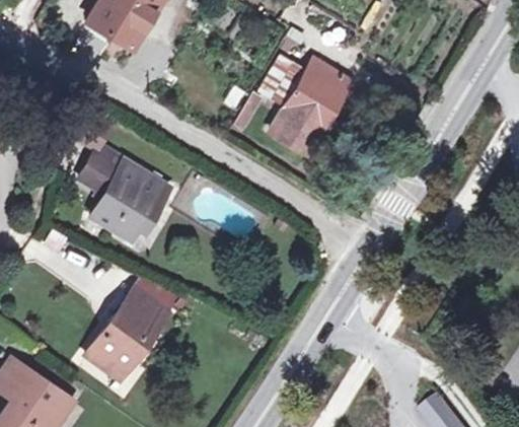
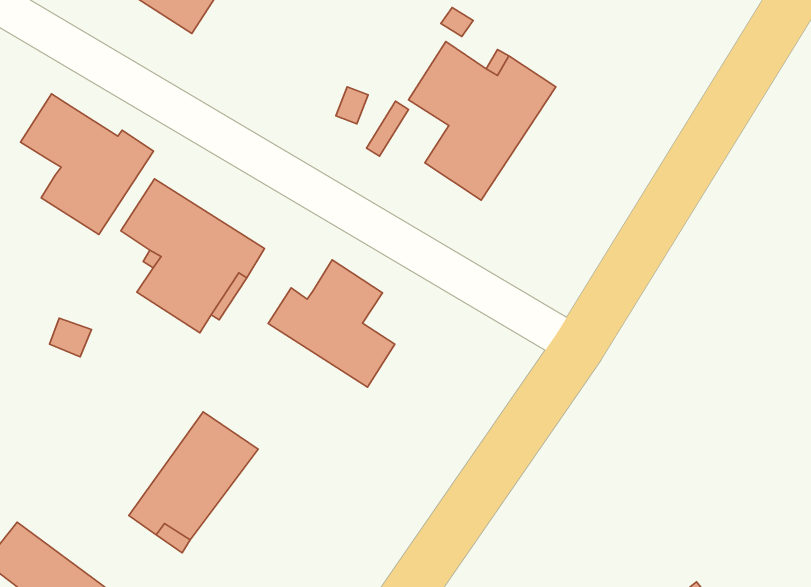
building: none -> [21,94,153,234]
building: none -> [268,260,395,387]

